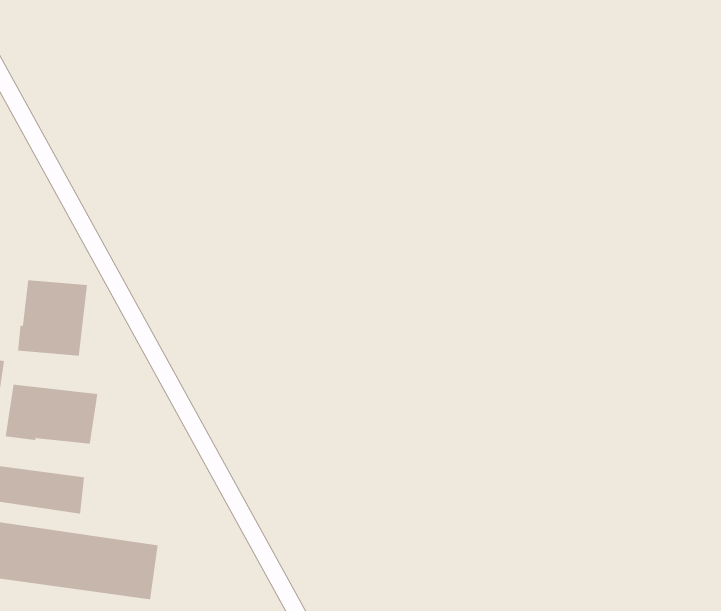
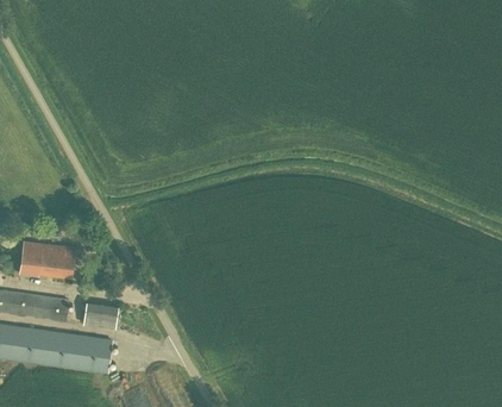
building: [18,279,87,357] -> none
building: none -> [87,299,121,328]

